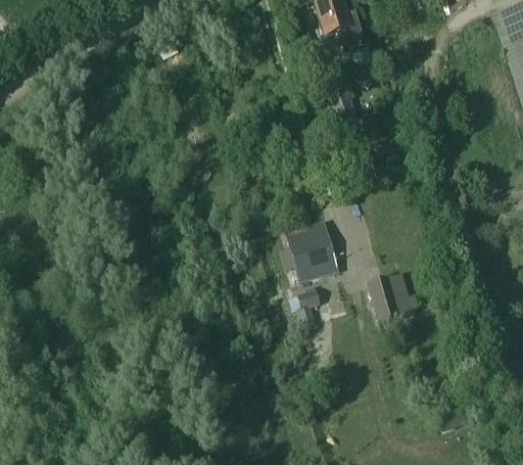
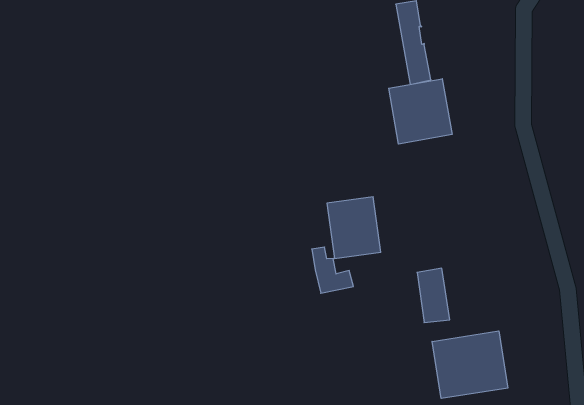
building: none -> [389,79,452,144]
building: none -> [432,331,508,398]

